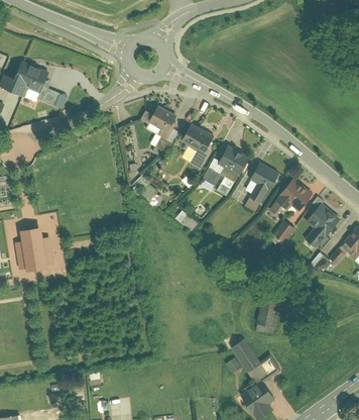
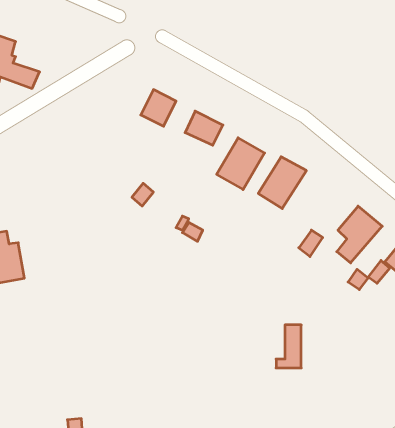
building: [266,178,311,216] -> none
building: [231,335,267,374] -> none

